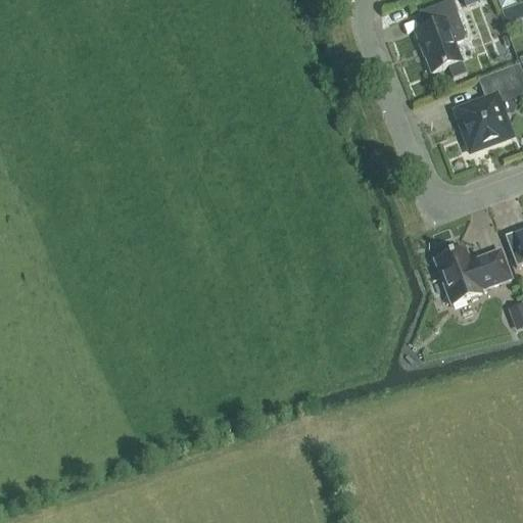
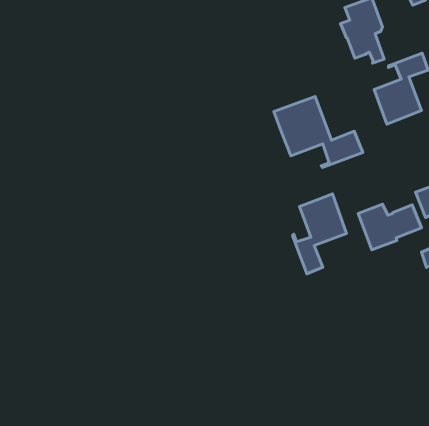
building: none -> [274,97,363,168]
building: none -> [293,194,347,274]

